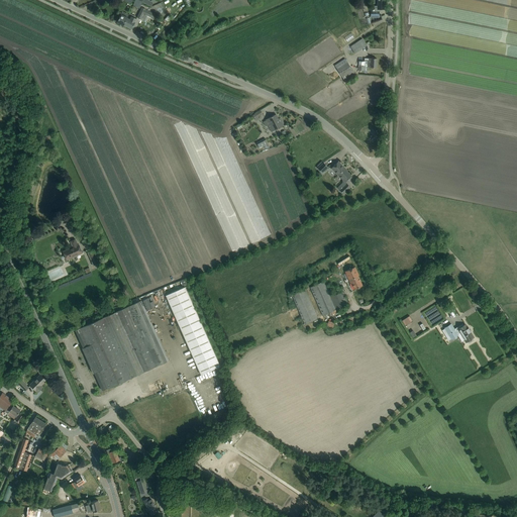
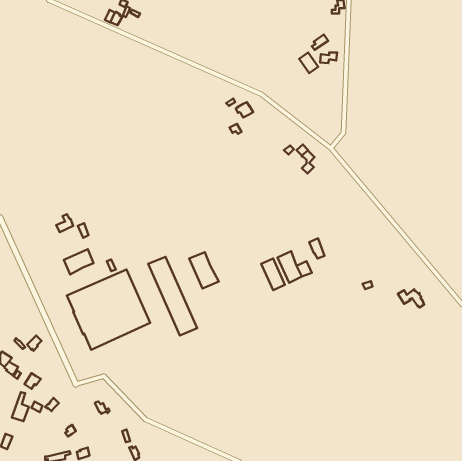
building: none -> [64,249,94,274]
building: none -> [189,252,219,289]
building: [42,464,73,496] -> none

